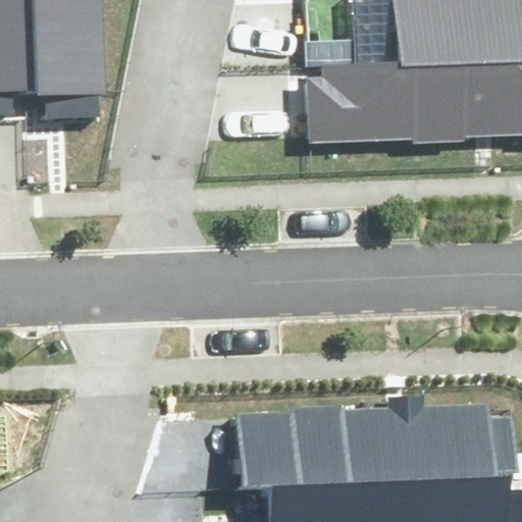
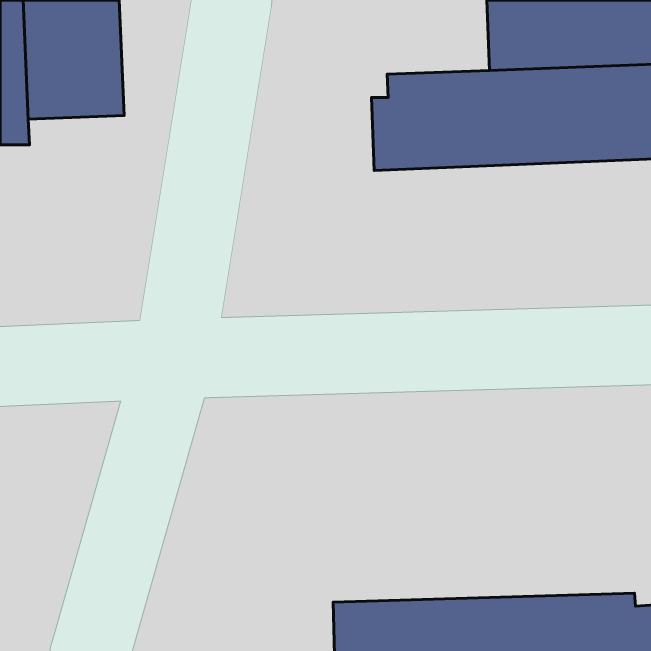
building: [239,403,508,483] -> none

